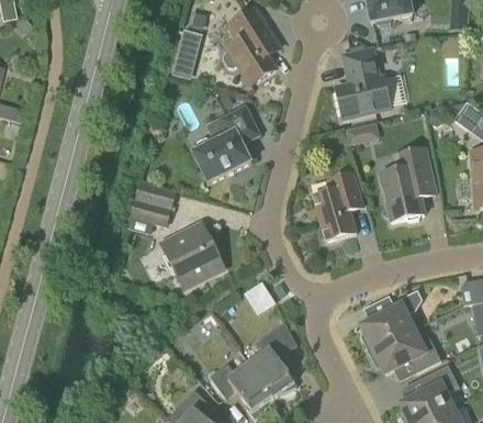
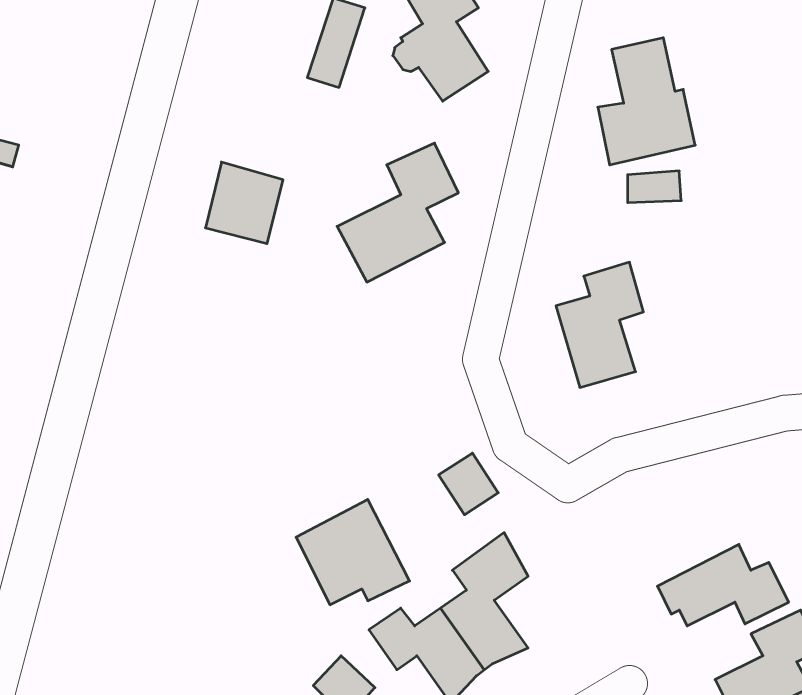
building: [379,146,435,221] -> none
building: [131,181,173,226] -> [205,162,283,244]
building: [160,222,223,280] -> [296,499,410,605]
building: [360,289,422,350] -> none

